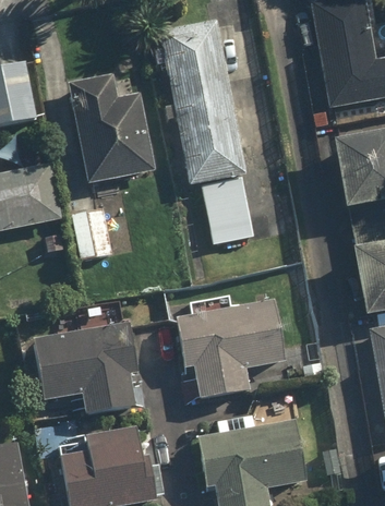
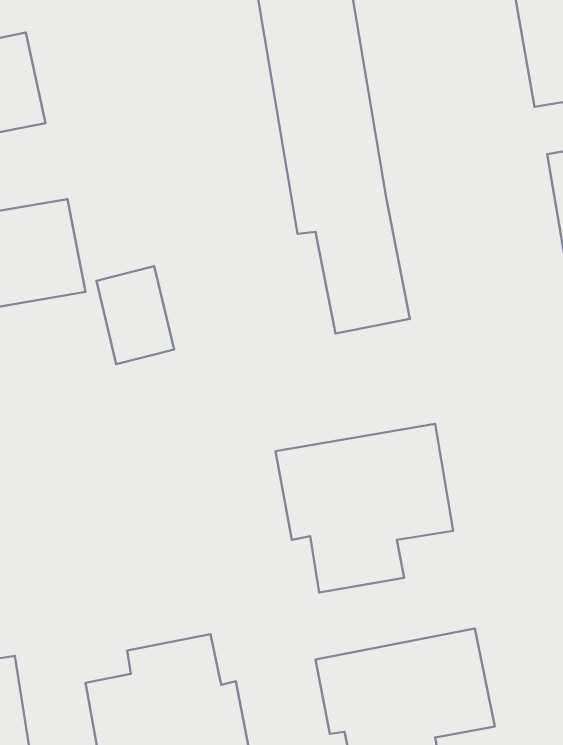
building: [68,72,156,184] -> none
building: [34,324,137,412] -> none

